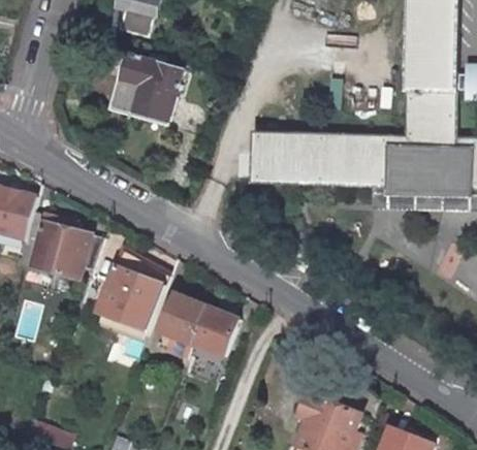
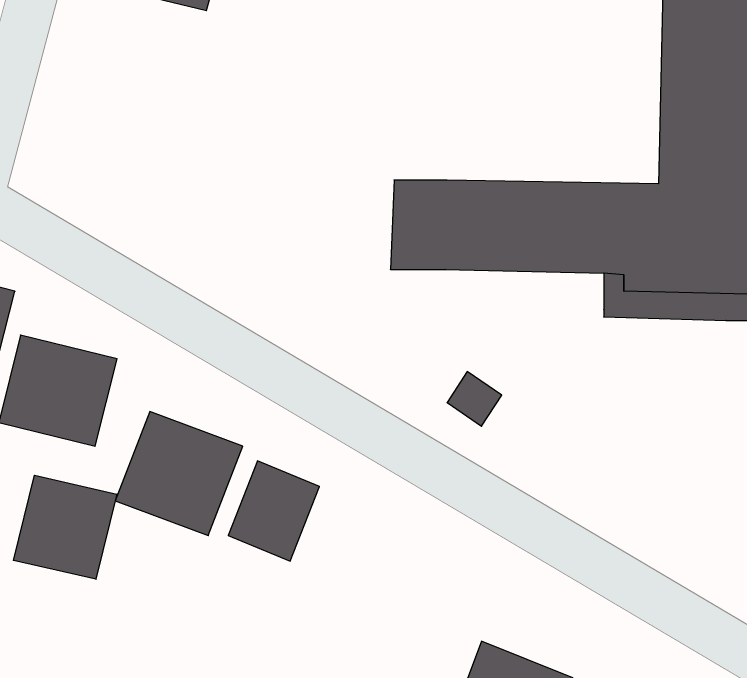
building: [115,57,179,120] -> none
building: none -> [13,475,117,579]
building: [194,304,244,360] -> none

